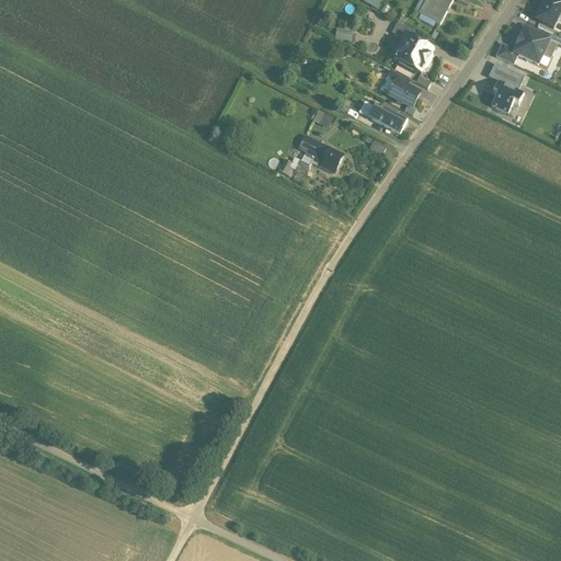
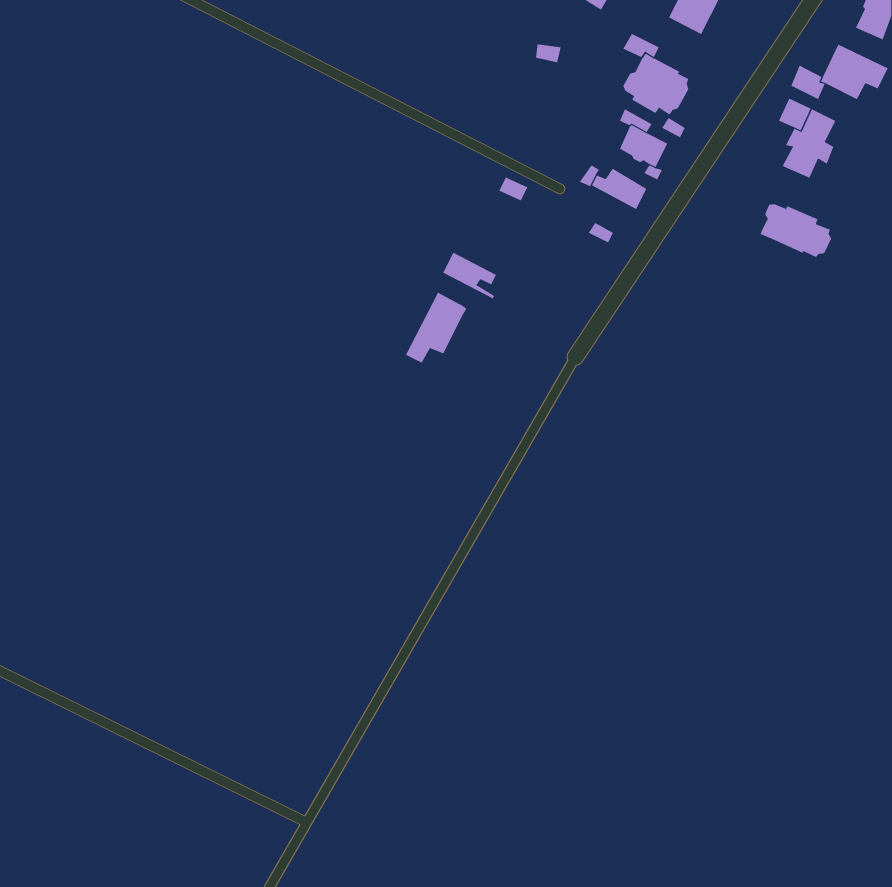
building: none -> [760,203,832,258]
building: [302,138,343,171] -> none
building: none -> [405,292,467,364]

